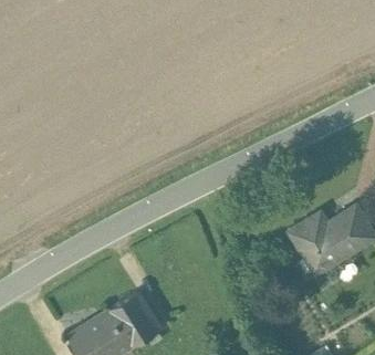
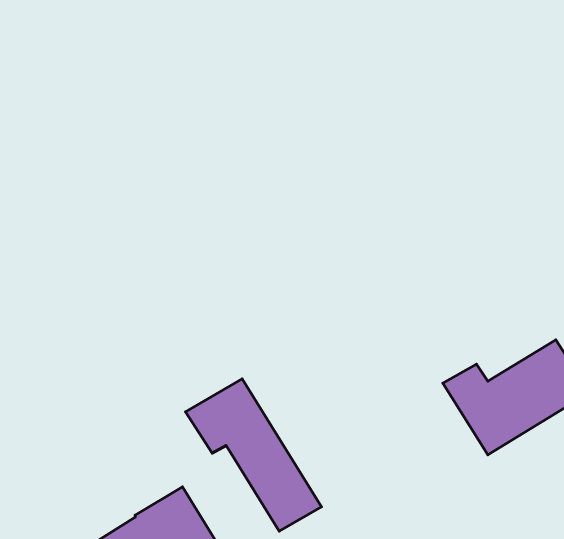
building: none -> [185,379,321,531]

